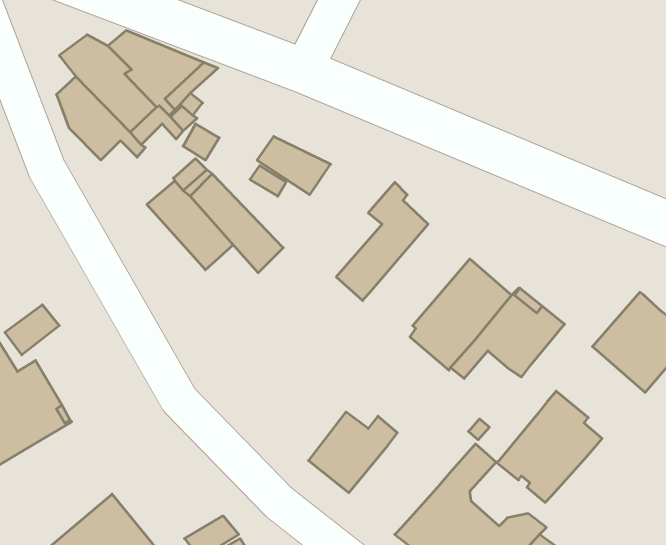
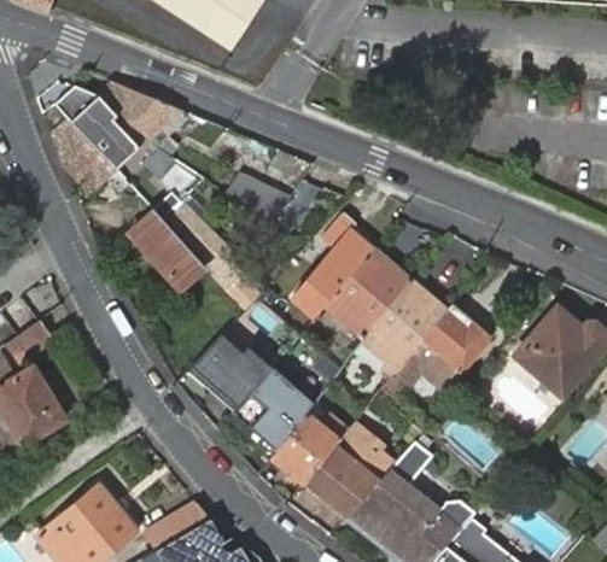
building: none -> [323,248,409,336]
building: none -> [186,334,309,453]
building: [496,391,602,502] -> [302,421,393,517]

